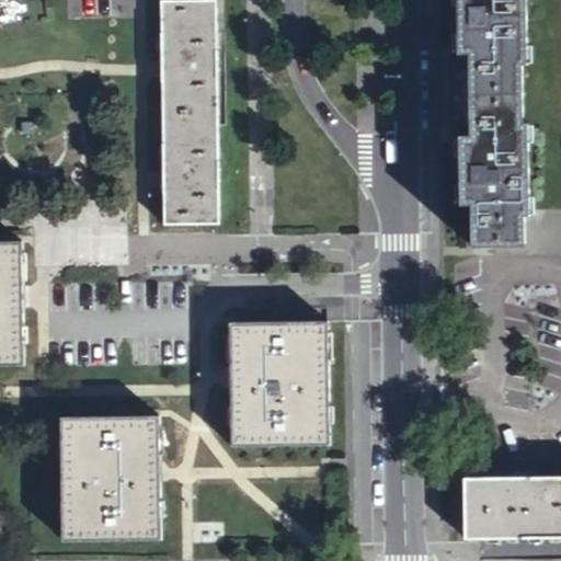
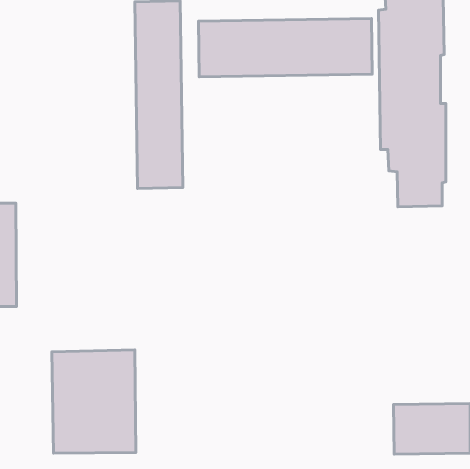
building: none -> [198,18,372,77]
building: [230,320,329,444] -> none

